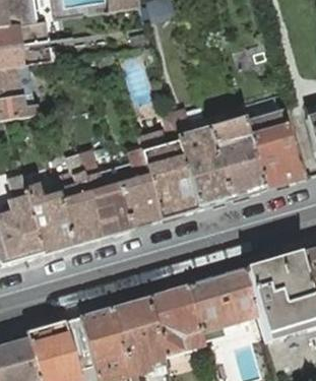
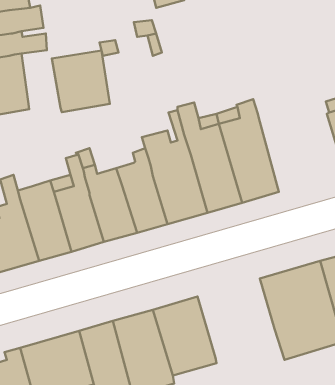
building: none -> [52,50,110,112]
building: [246,111,302,189] -> none
building: [190,268,260,340] -> none

